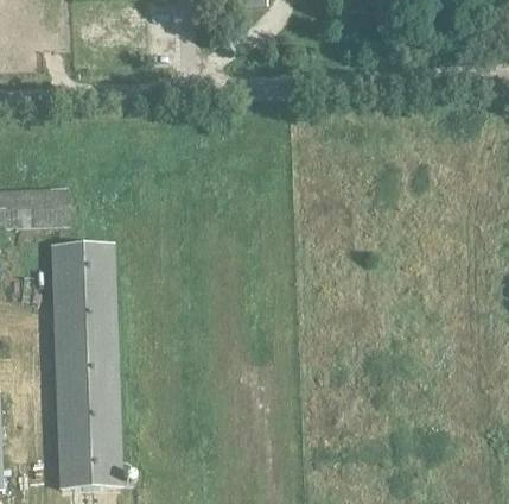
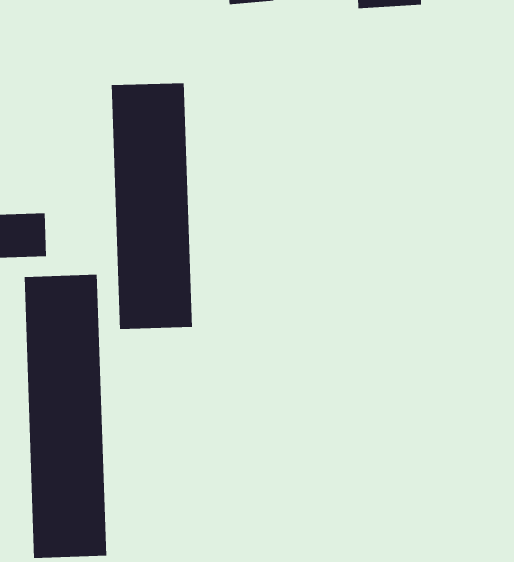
building: none -> [111,82,193,330]

